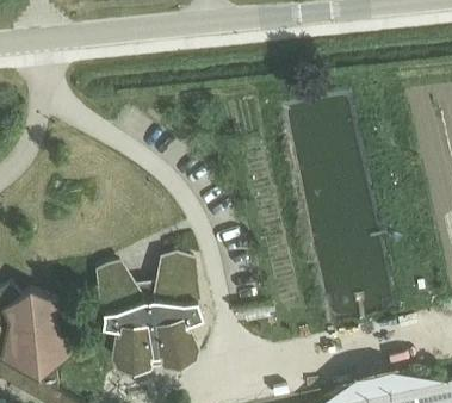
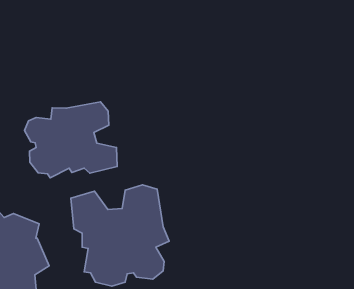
building: none -> [24,102,117,178]

